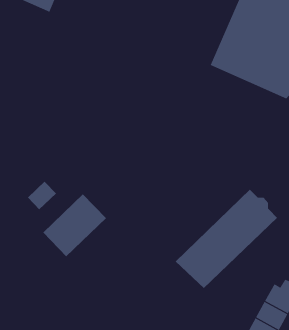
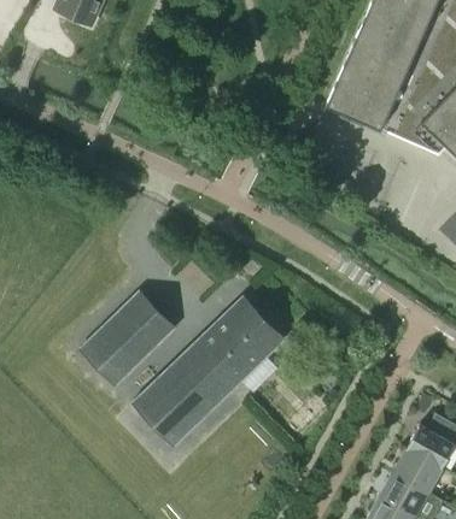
building: [27,181,57,210] -> none
building: [175,189,278,289] -> [133,297,283,443]

